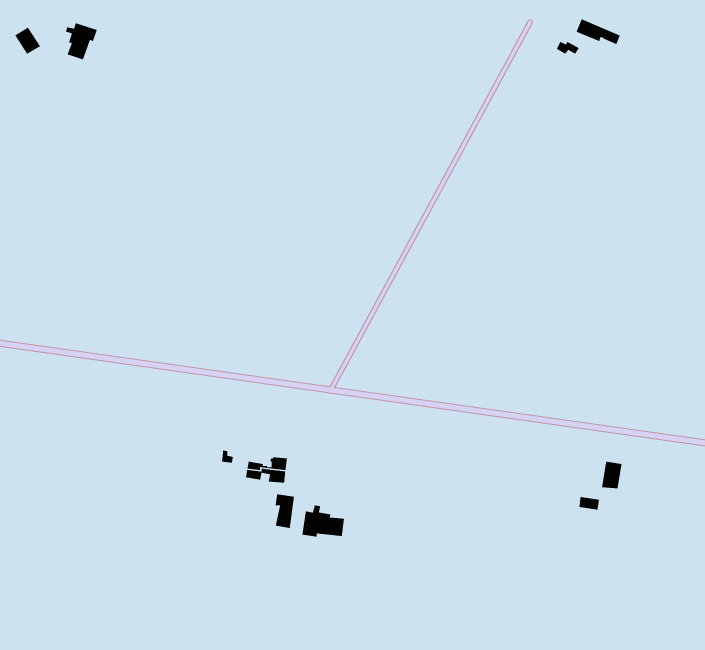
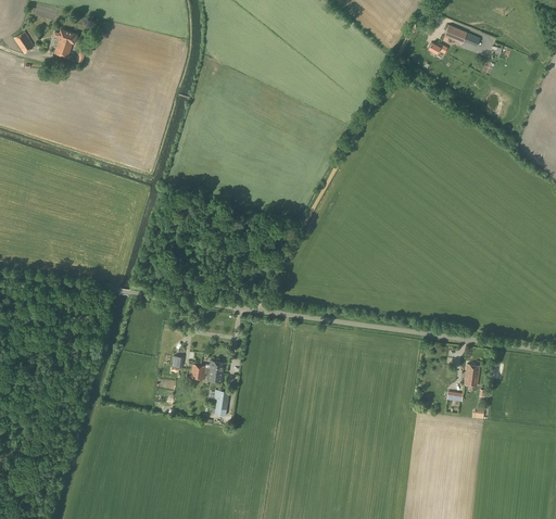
building: [301,505,345,537] -> none

